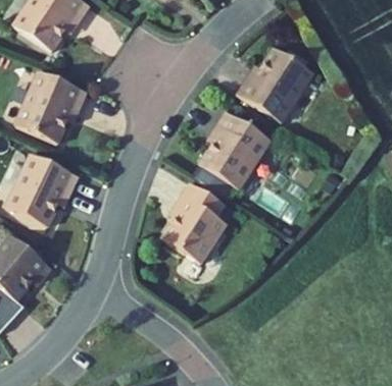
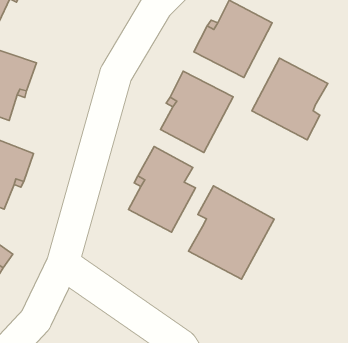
building: none -> [252,58,328,140]
building: none -> [189,186,274,279]

